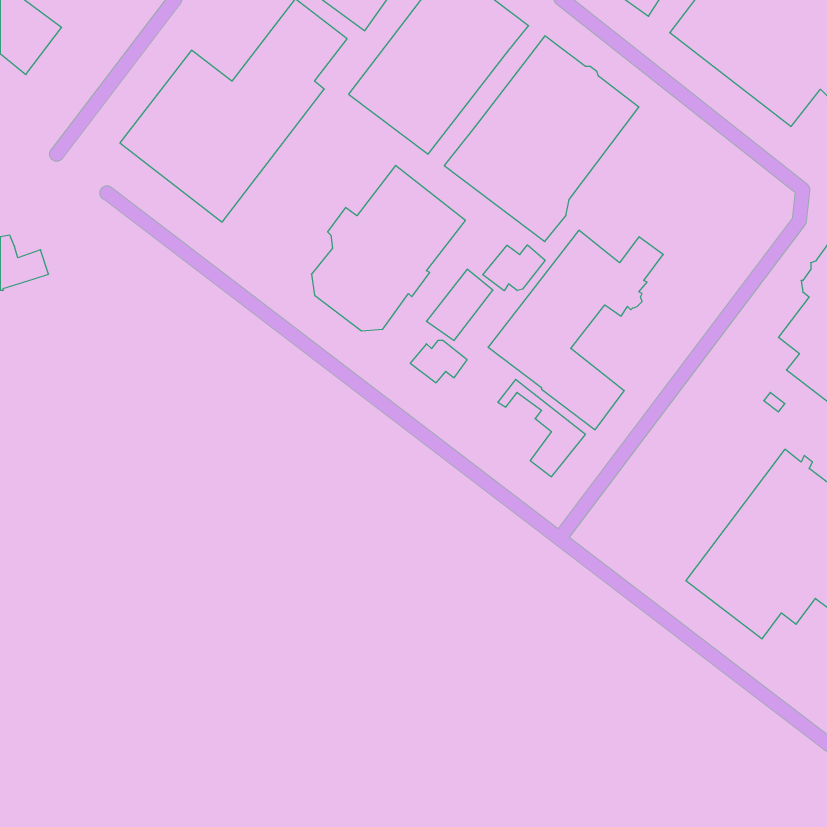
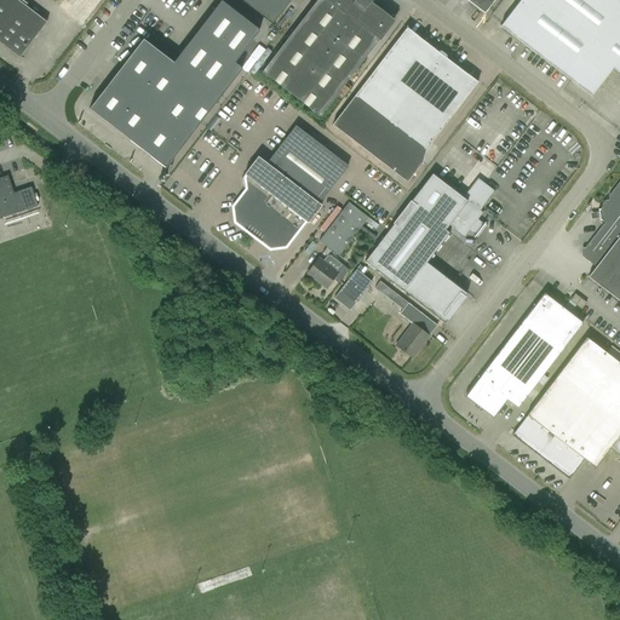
building: [483,245,545,291] -> none
building: none -> [335,263,377,309]
building: none -> [466,292,584,415]

